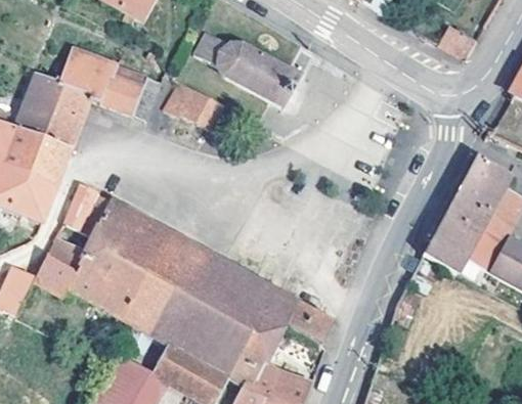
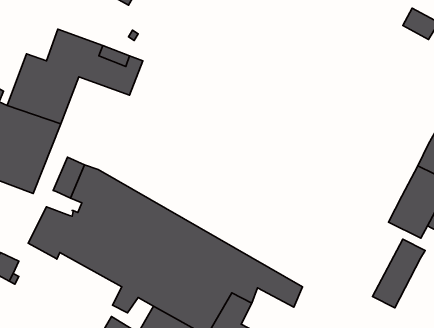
building: [194,32,301,106] -> none
building: [162,80,233,134] -> none
building: none -> [372,239,425,308]

